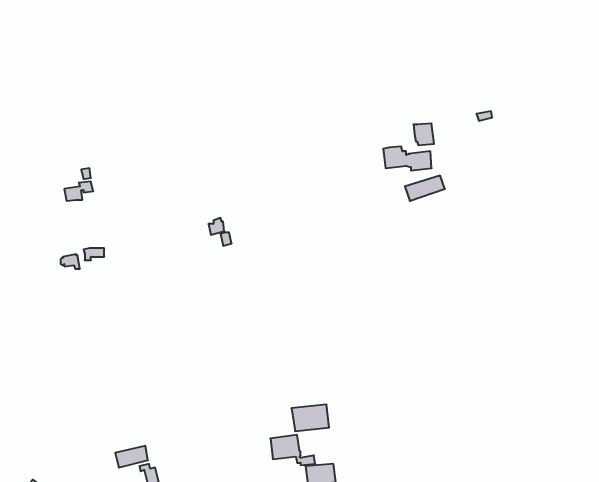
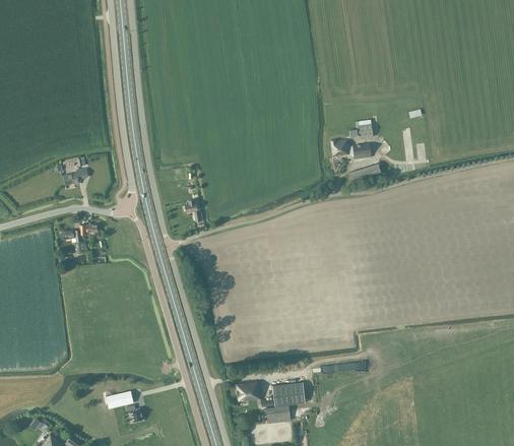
building: [291,405,329,431] -> [272,383,304,405]

